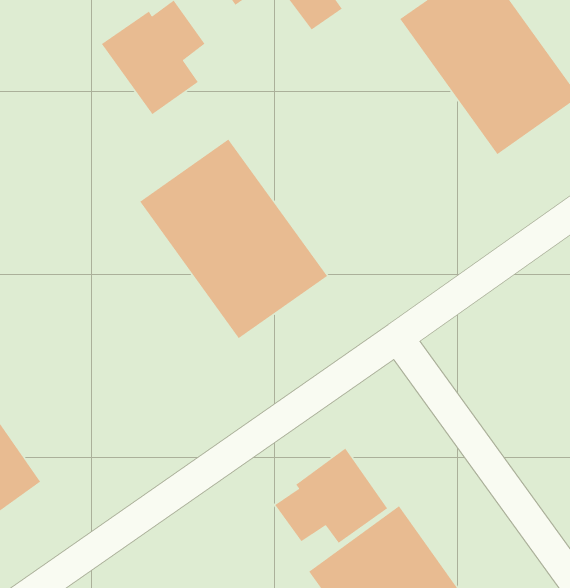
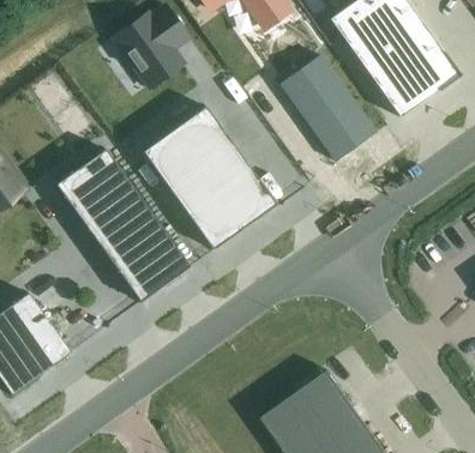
building: none -> [279,54,375,161]
building: none -> [54,146,191,302]
building: [274,448,388,544] -> none

